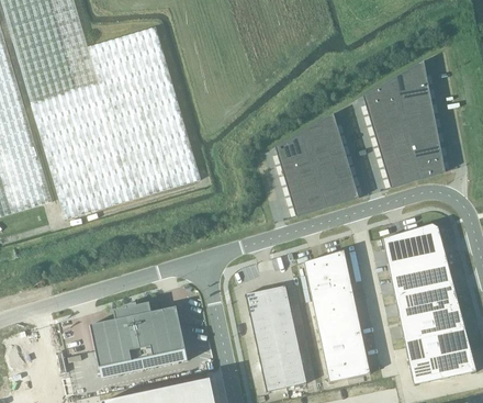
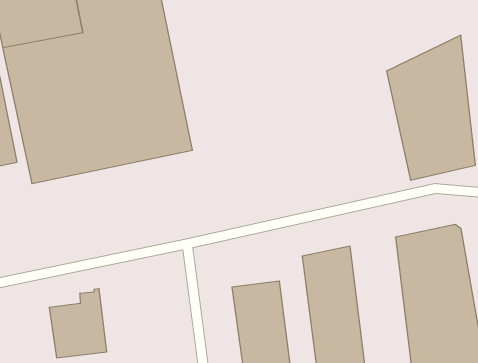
building: [274,113,359,217] -> none
building: [131,303,186,359] -> none

